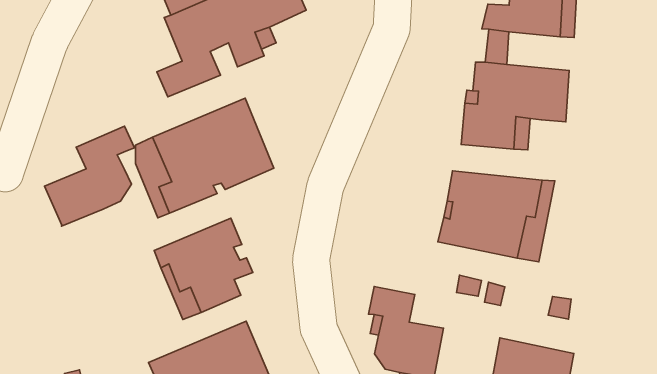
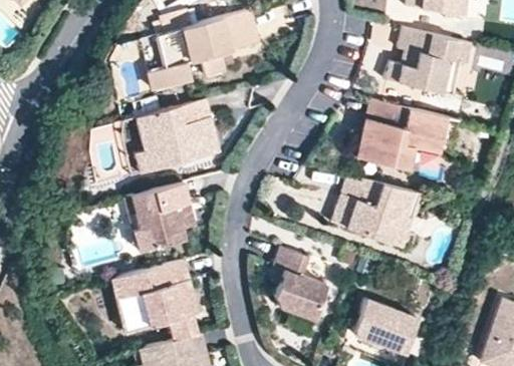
building: [45,126,134,226] -> none

